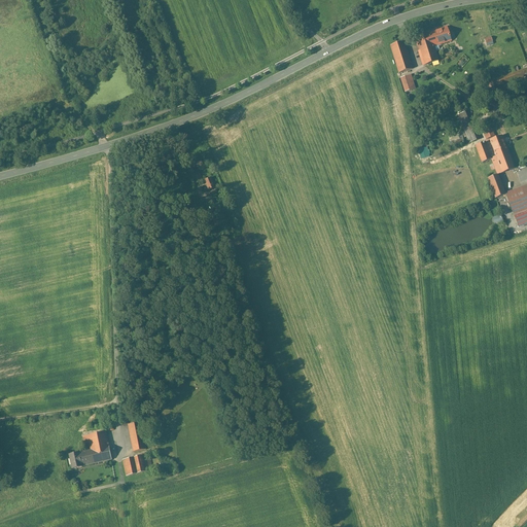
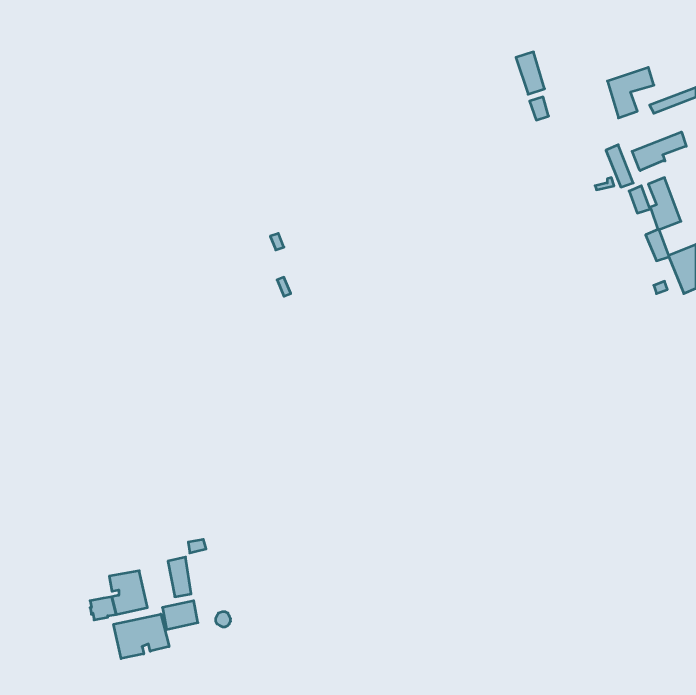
building: [415,26,450,64] -> [607,67,654,118]
building: none -> [632,132,686,171]
building: none -> [114,614,169,659]

